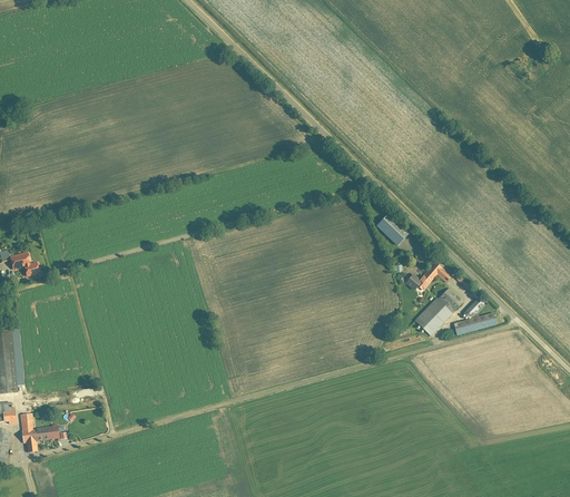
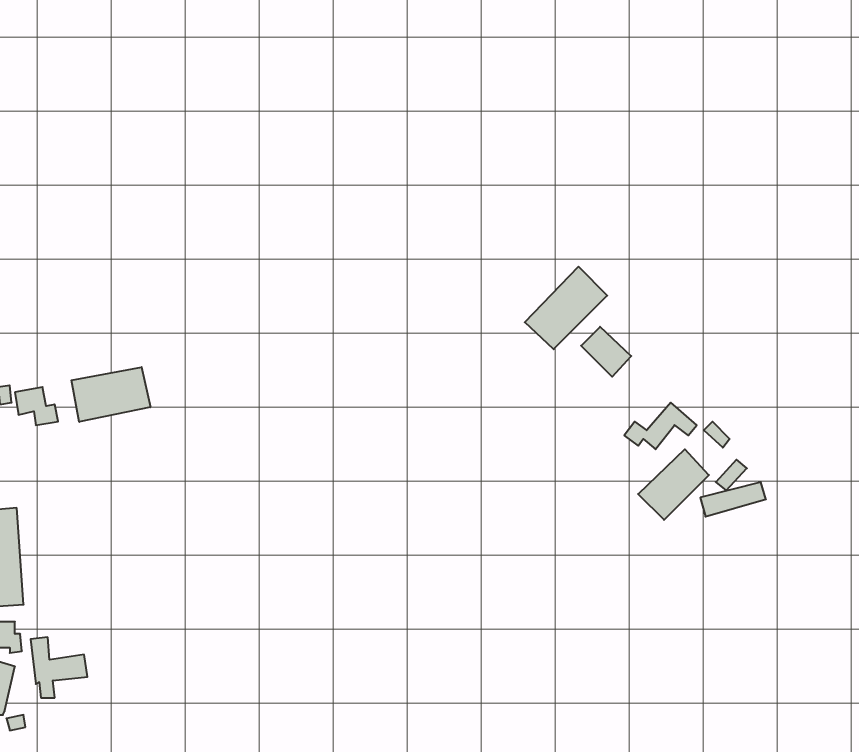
building: none -> [525,267,607,349]
building: none -> [71,367,150,422]

